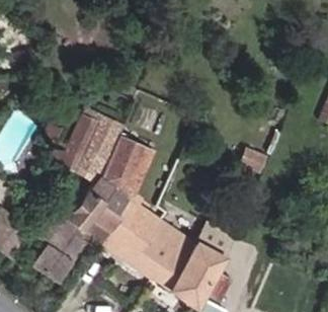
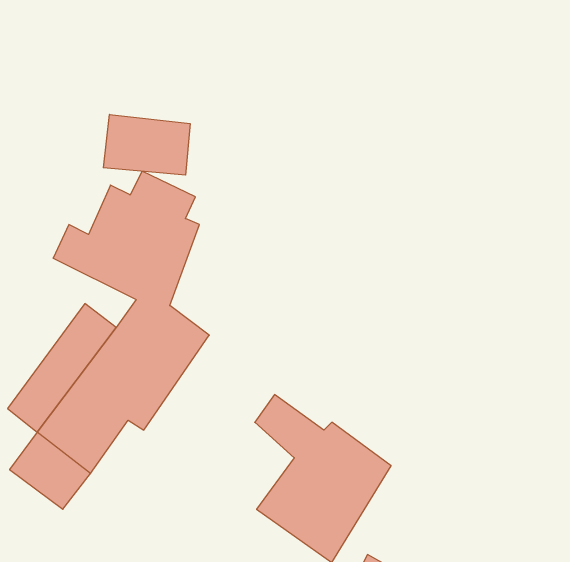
building: none -> [103,114,190,175]
building: [99,139,176,285] -> none

